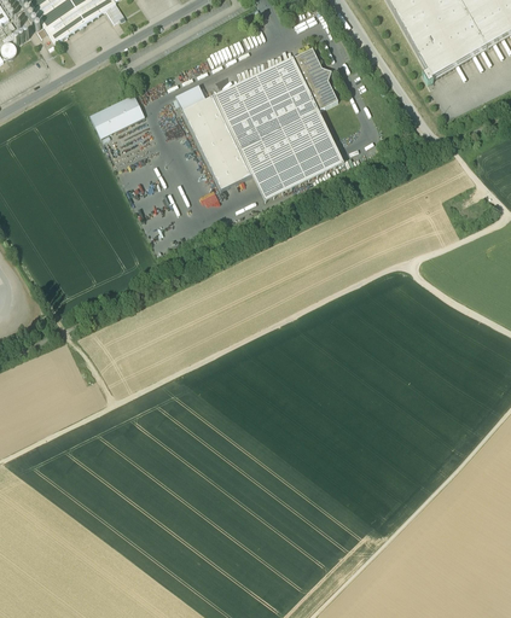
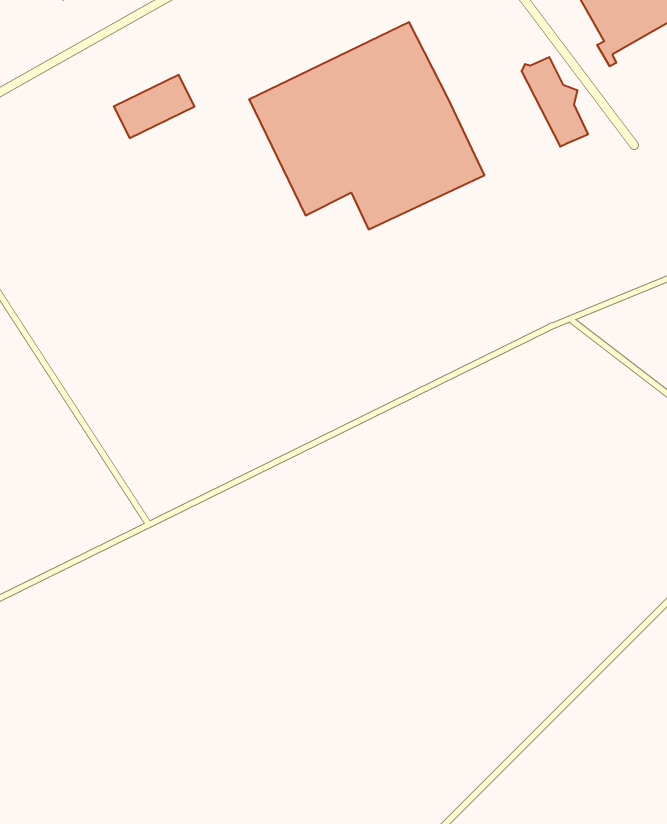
building: [291,46,337,107] -> [521,57,588,147]

